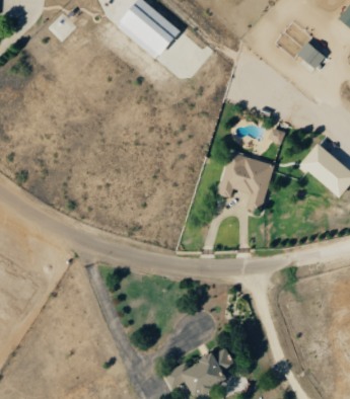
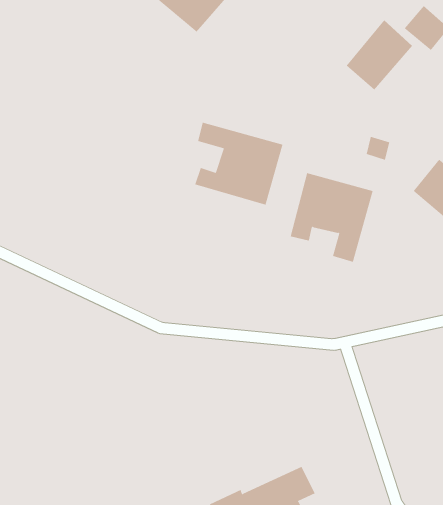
building: none -> [346,20,413,91]
building: none -> [194,122,283,206]

